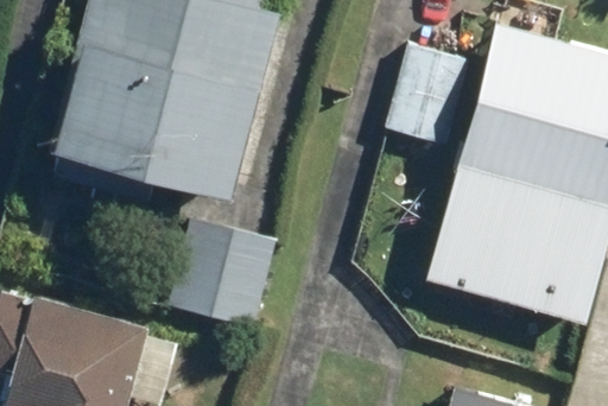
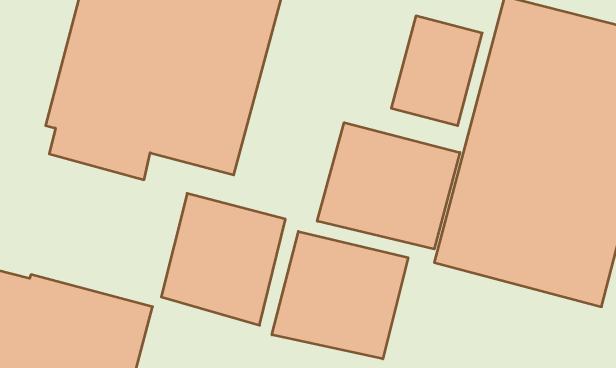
building: none -> [317,123,460,249]
building: none -> [272,231,408,359]

